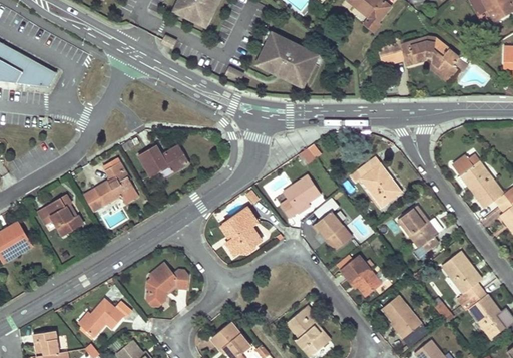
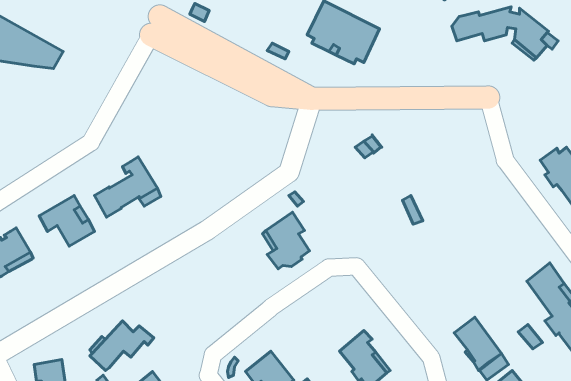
building: [139,144,190,177] -> none
building: [351,157,402,210] -> none
building: [279,175,321,219] -> none
building: [312,199,352,252] -> none
building: [398,207,440,259] -> none
building: [338,257,382,297] -> none
building: [145,262,188,304] -> none

